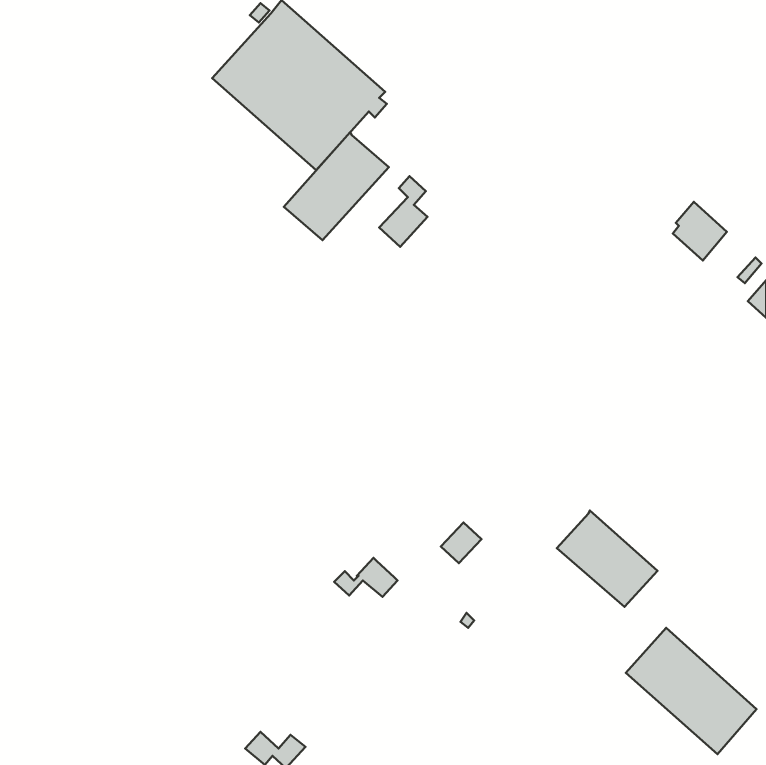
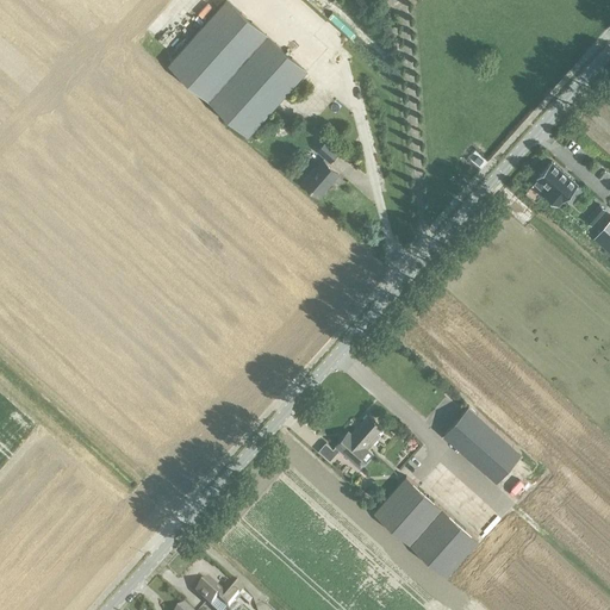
building: [284,132,389,240] -> none
building: [334,558,397,597] -> [316,434,366,465]
building: [626,628,757,754] -> [373,479,477,579]

